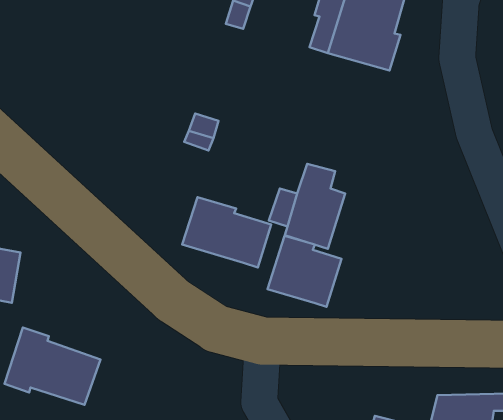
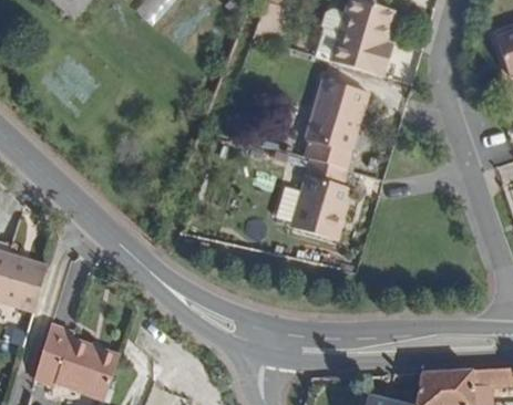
building: none -> [299,90,357,175]
building: [182,197,271,267] -> none
building: [268,236,341,307] -> none

